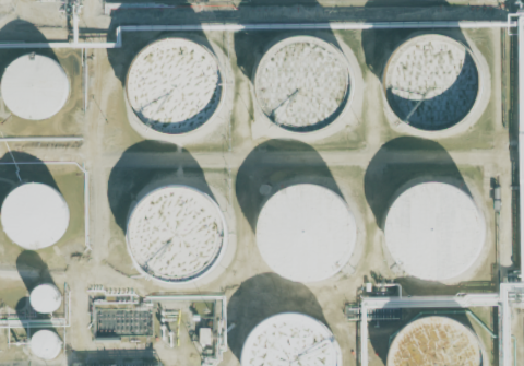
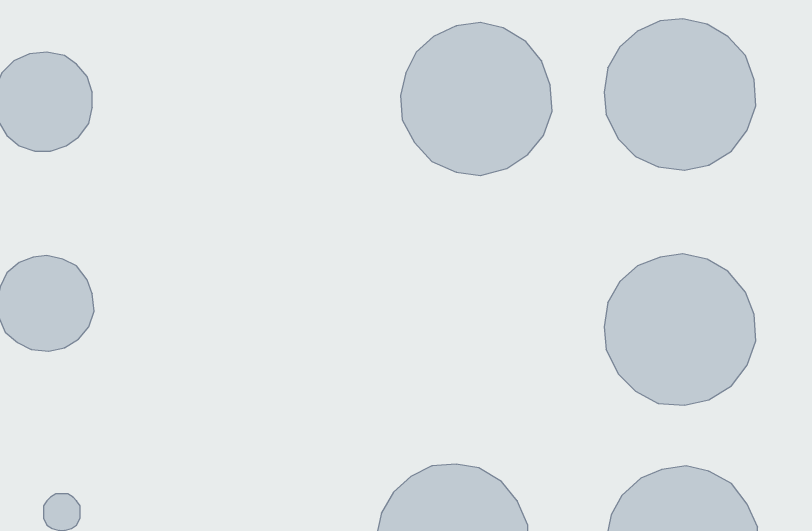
building: [128,36,223,132] -> none
building: [257,185,352,280] -> none
building: [129,187,224,282] -> none
building: [29,285,55,310] -> none

